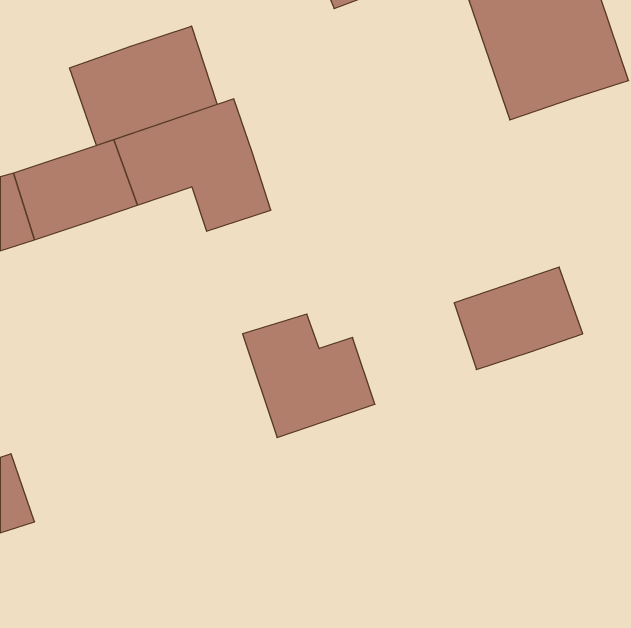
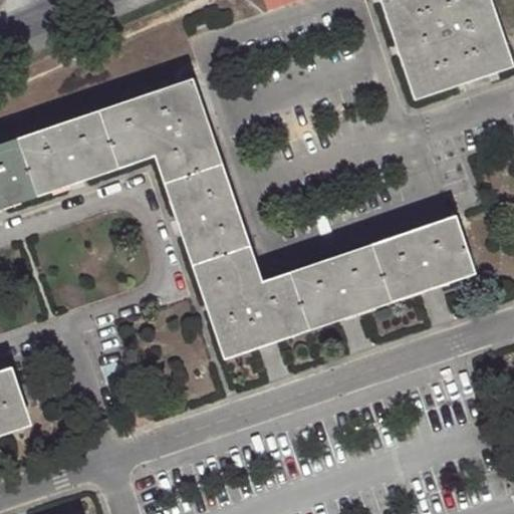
building: [69,26,217,146] -> none
building: none -> [169,171,250,271]
building: none -> [287,246,388,328]

